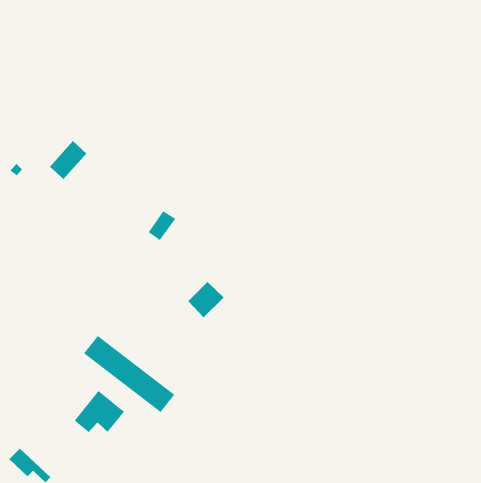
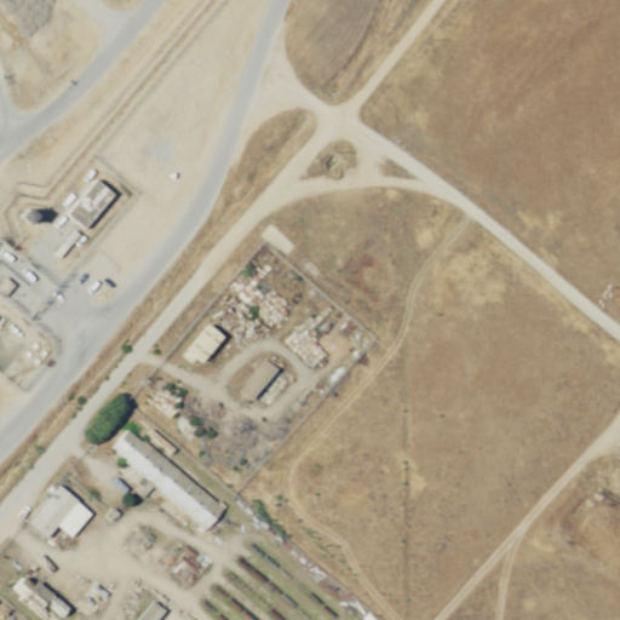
building: [148,210,176,241] -> [188,326,224,364]
building: [74,390,125,433] -> [28,484,93,539]

